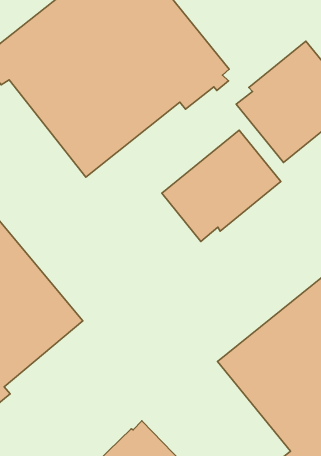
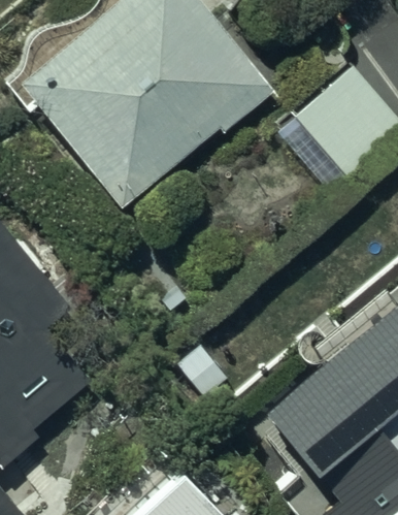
building: [162,130,281,241] -> none

